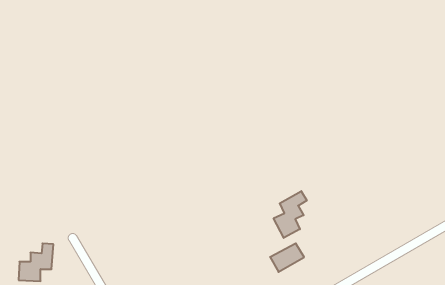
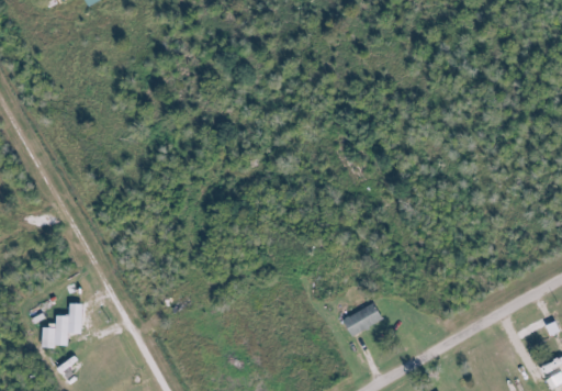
building: [274,191,307,238] -> none

